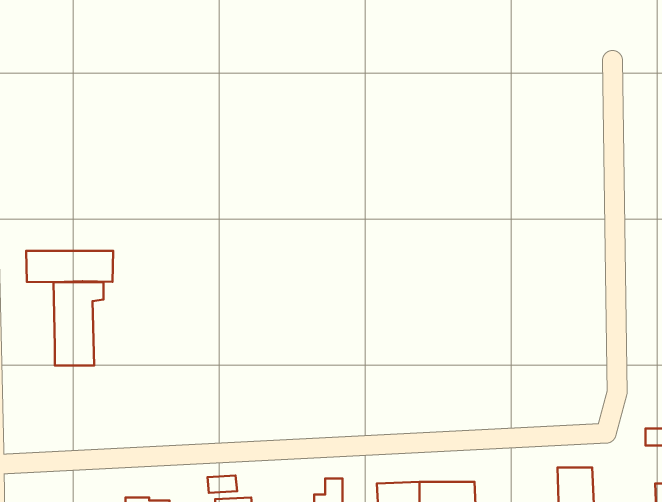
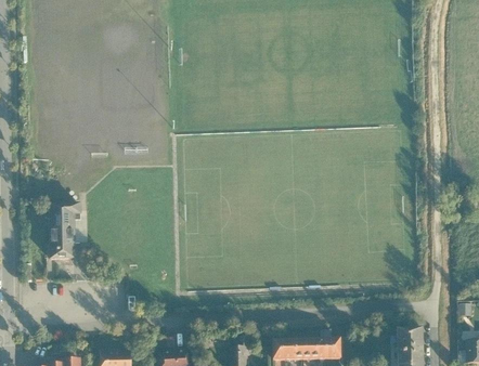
building: [26,251,113,282] -> none

